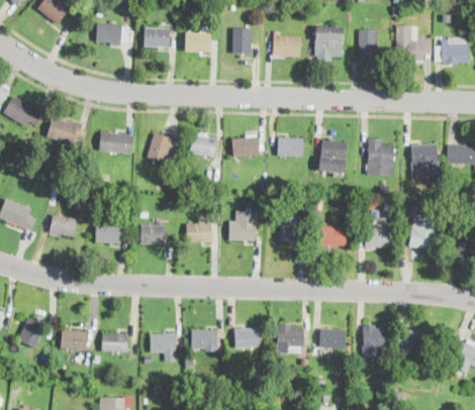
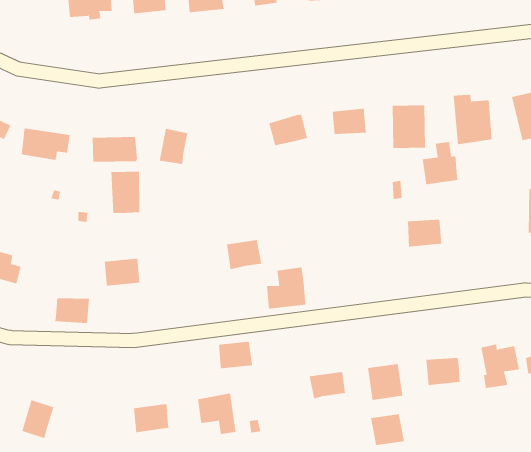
building: [190,135,217,157] -> none
building: none -> [111,171,140,214]
building: [226,211,256,239] -> [266,267,306,309]
building: [50,214,78,236] -> [54,298,90,324]
building: [280,216,300,242] -> none
building: [366,217,391,246] -> [422,141,458,185]
building: [141,225,166,243] -> none
building: [61,329,87,350] -> none
building: [192,330,216,349] -> [218,341,253,369]
building: none -> [370,413,404,446]

